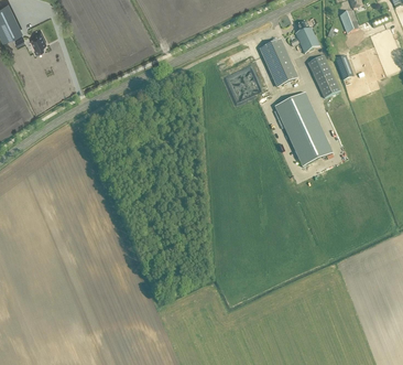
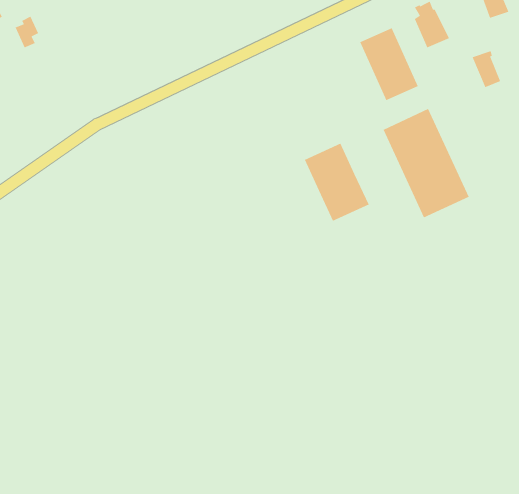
building: [308,55,338,97] -> none
building: none -> [304,142,370,222]

